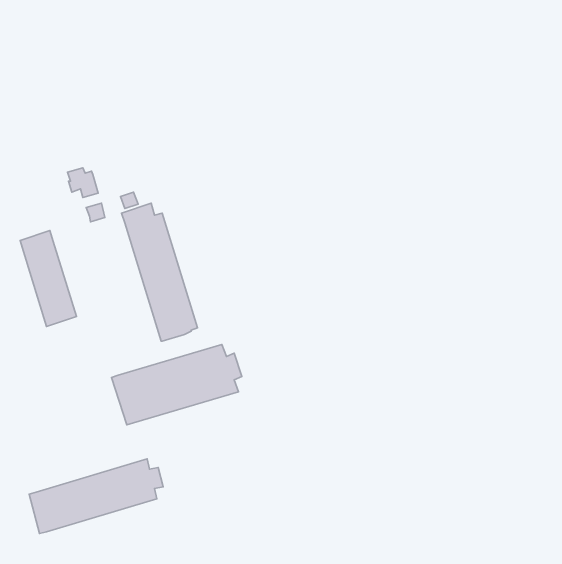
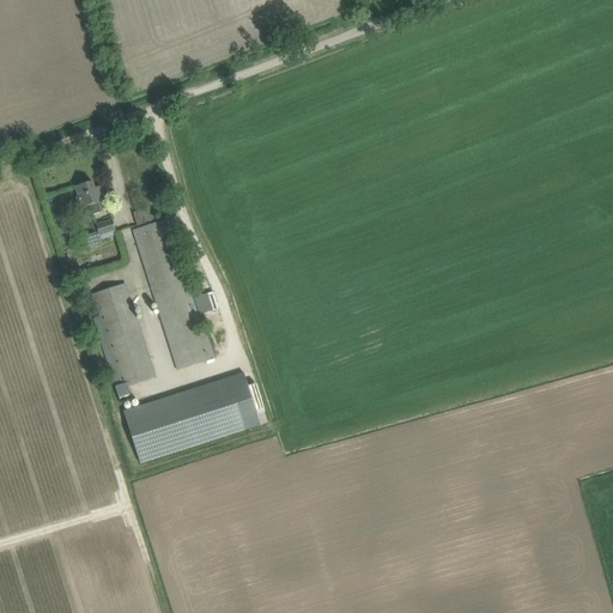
building: [20,231,76,327] -> [91,284,152,388]
building: [29,459,163,534] -> none

